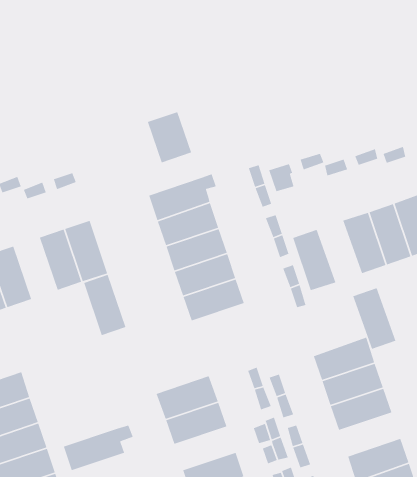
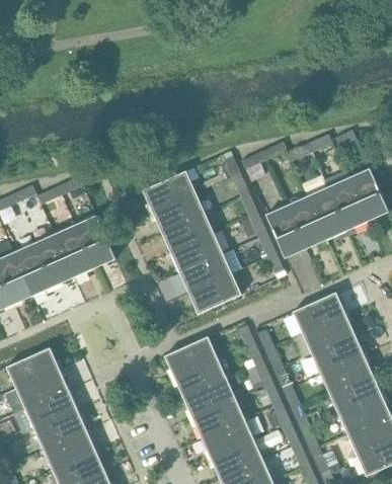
building: [147,111,192,163] -> none
building: [83,274,126,336] -> [34,234,74,287]
building: [352,287,396,350] -> [287,196,327,249]
building: none -> [188,273,242,314]
building: none -> [320,353,373,393]
building: [63,424,134,471] -> [183,374,242,417]

